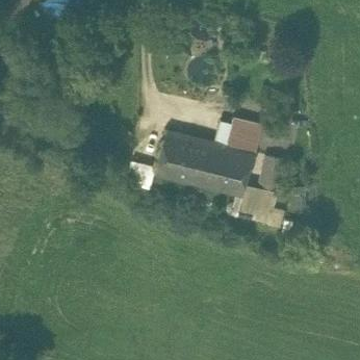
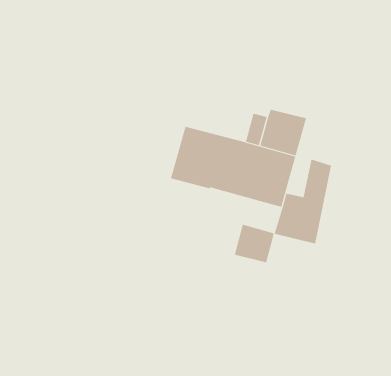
building: none -> [234,224,274,263]

